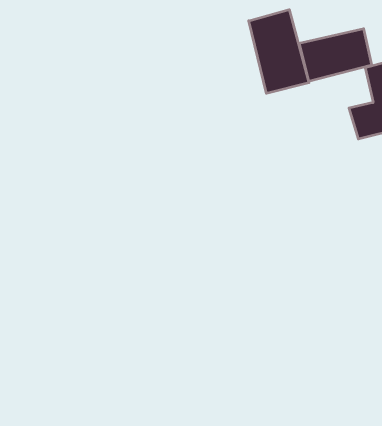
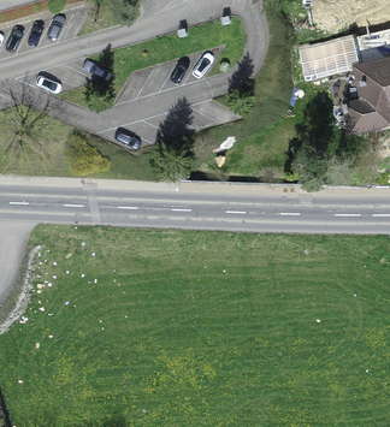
building: [249,10,309,93] -> none

